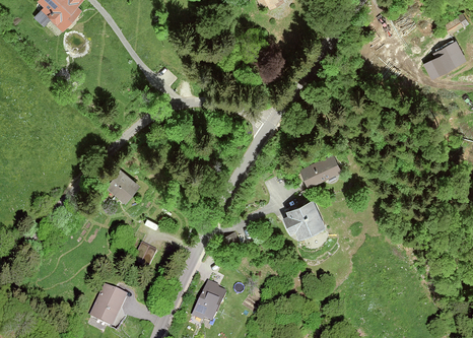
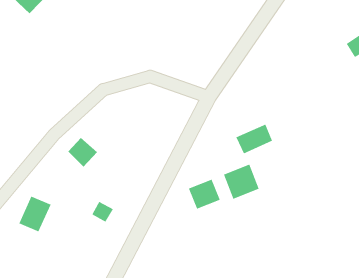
building: none -> [188,179,220,210]
building: [192,280,230,325] -> none
building: [88,282,126,324] -> [19,196,51,232]

